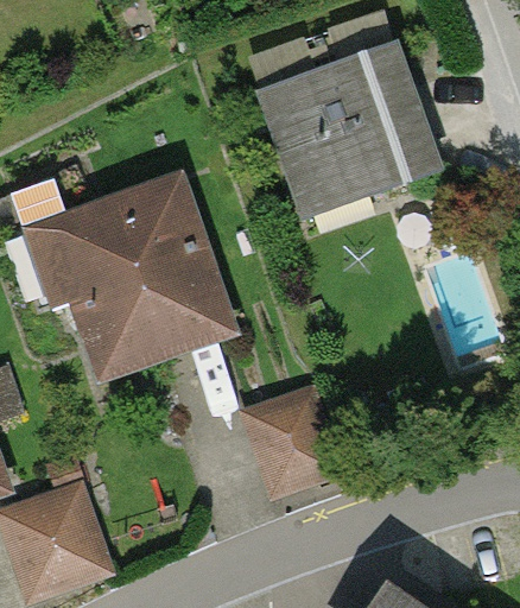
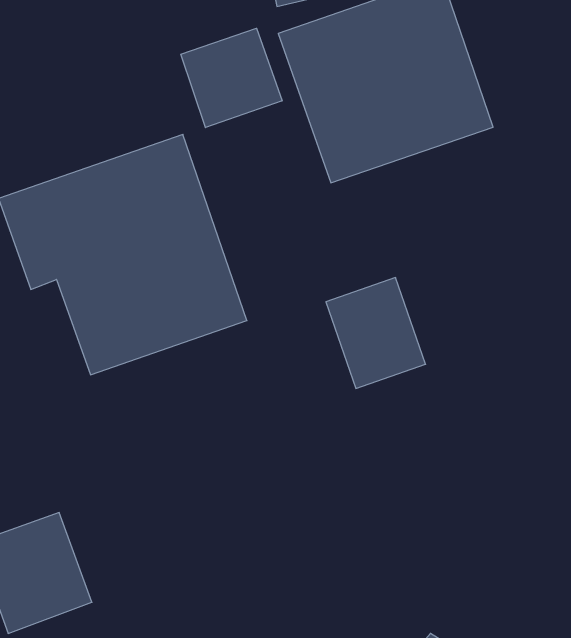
building: none -> [181,28,282,128]
building: [254,394,337,487] -> [326,278,426,388]

